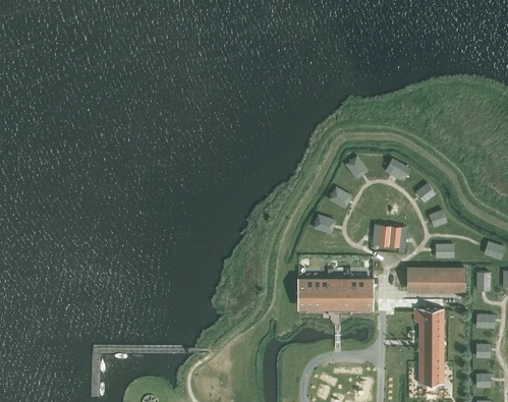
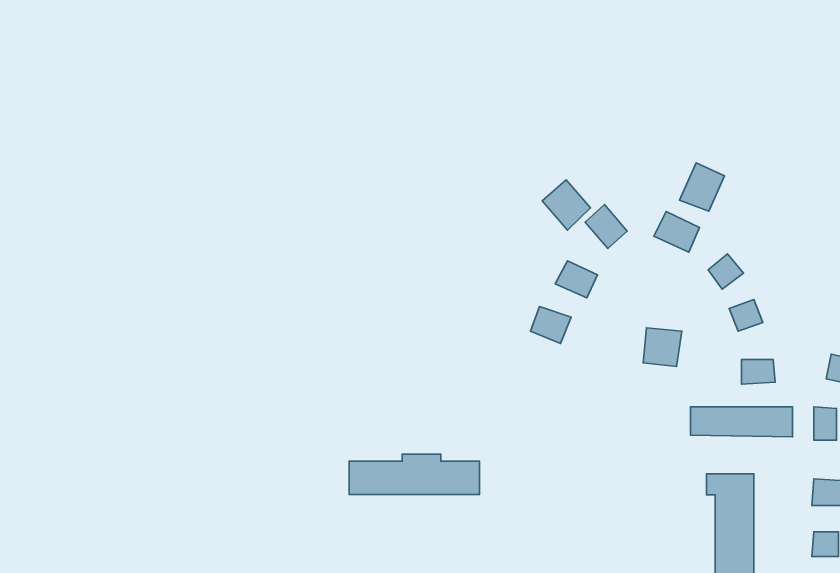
building: none -> [679,163,724,211]
building: none -> [542,180,591,230]
building: [297,280,373,303] -> [349,454,479,495]

